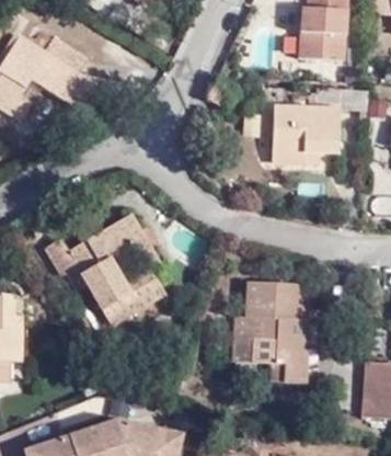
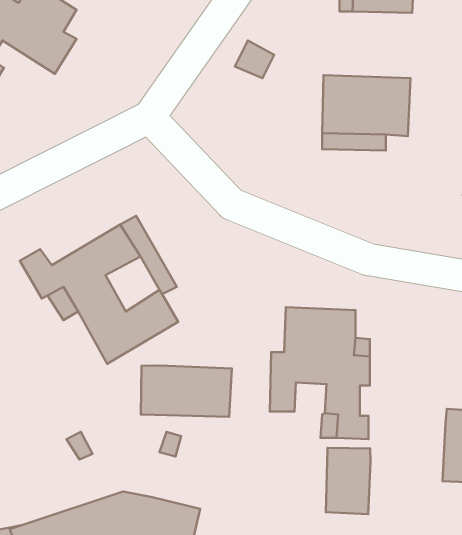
building: none -> [141,366,232,417]
building: none -> [326,448,371,514]

